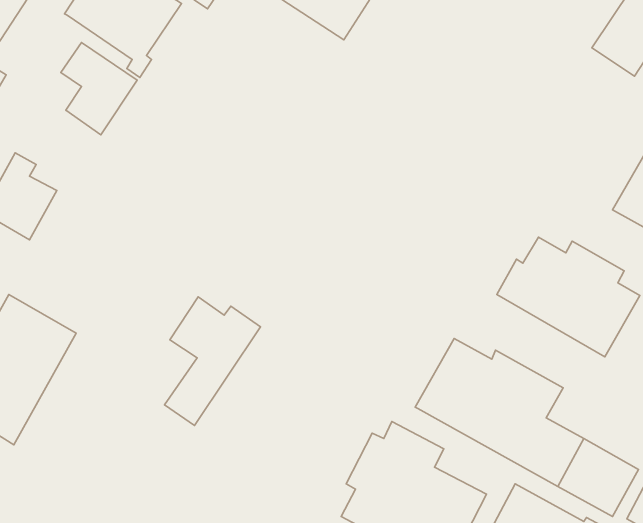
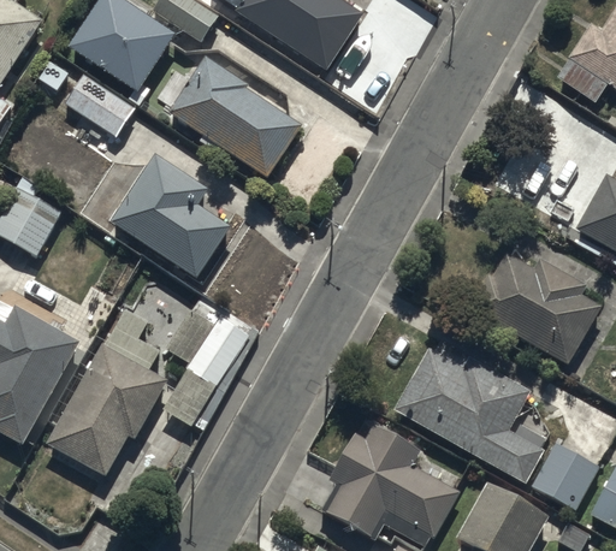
building: none -> [167,54,302,178]
building: none -> [111,153,232,279]
building: none -> [45,308,168,478]

